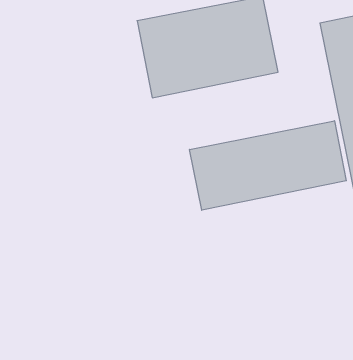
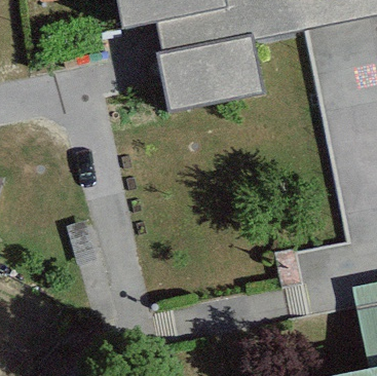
building: [190,121,346,210] -> none

